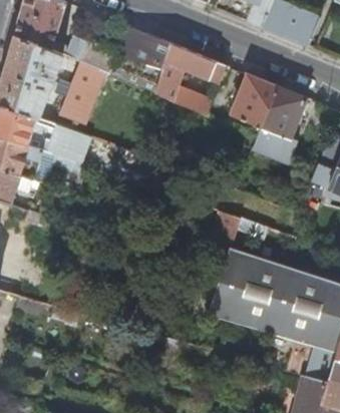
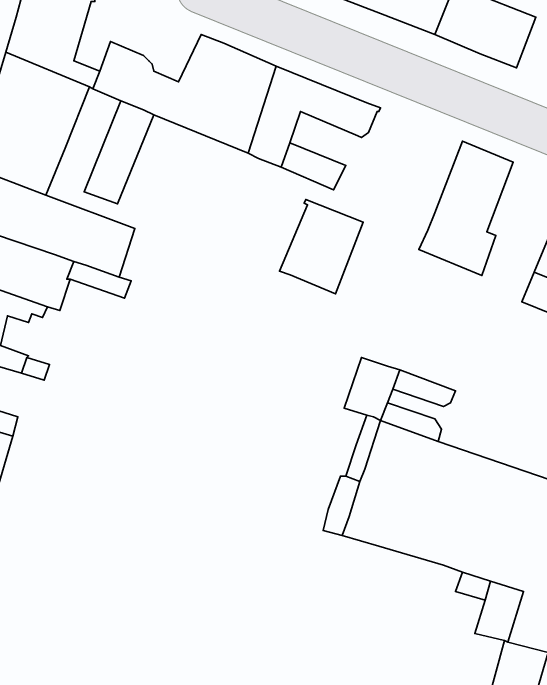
building: [230,73,278,127] -> [280,200,363,294]

